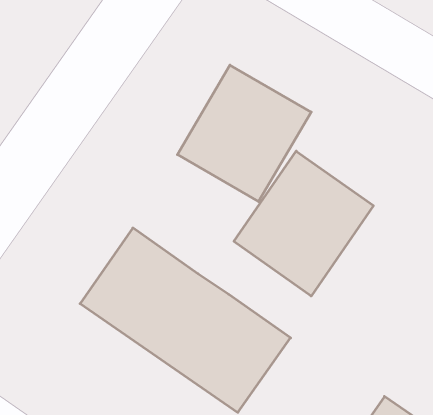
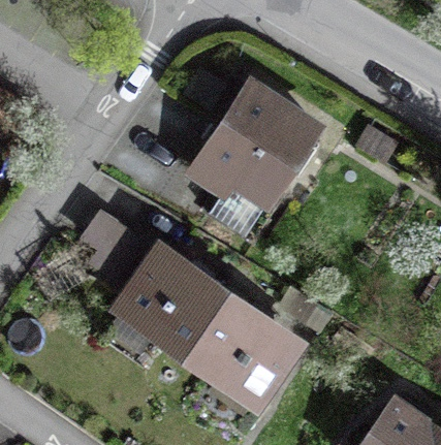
building: [234,151,373,296] -> none

